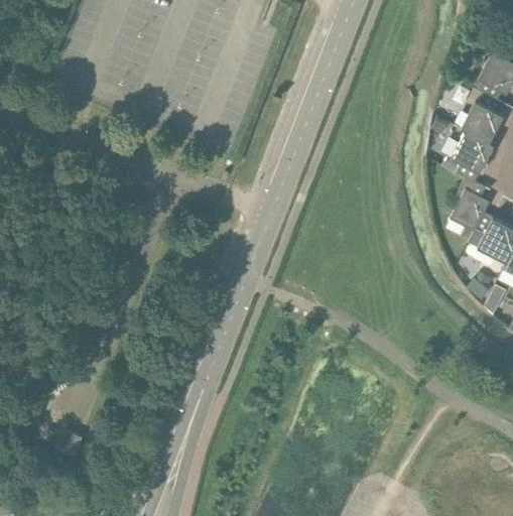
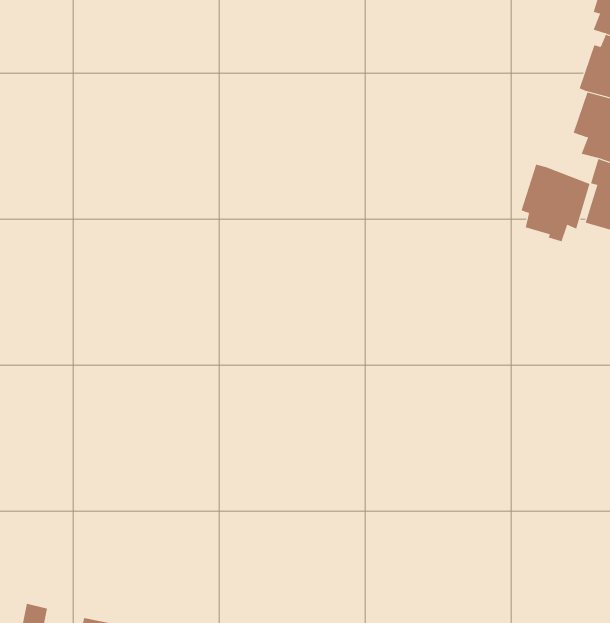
building: none -> [521,164,590,242]

